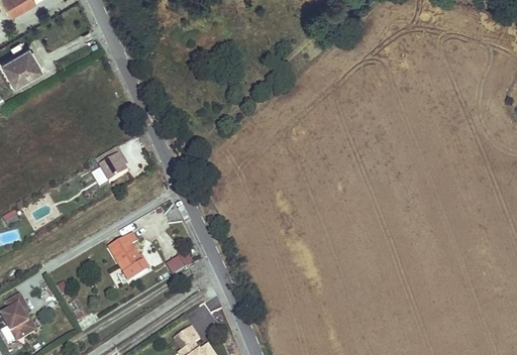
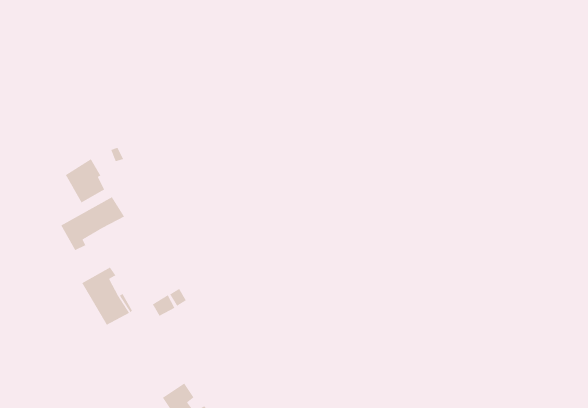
building: none -> [60,196,125,251]

